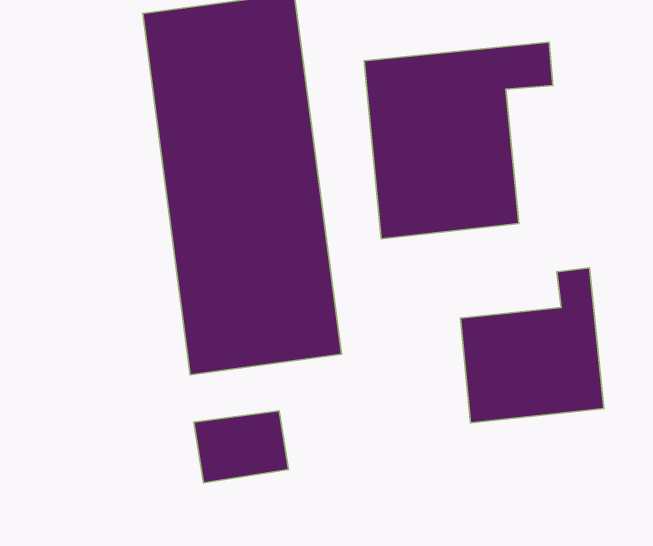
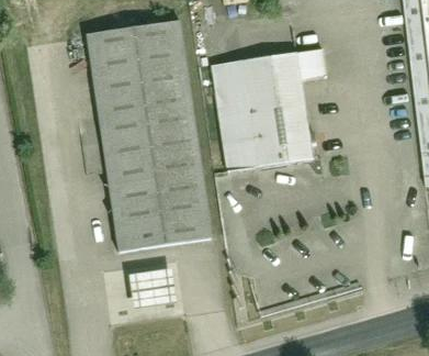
building: [461,268,604,423] -> none

